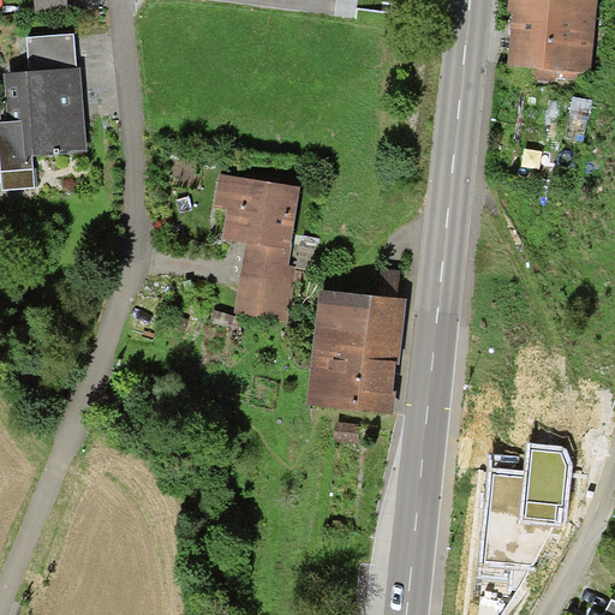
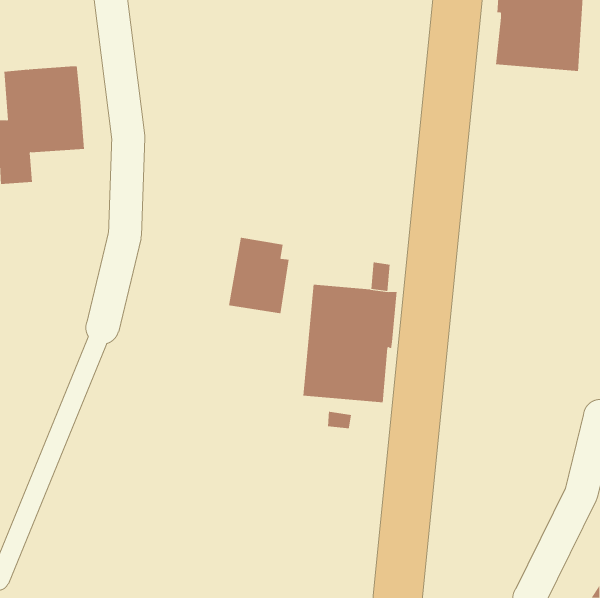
building: [25,34,76,71] -> none
building: [213,174,299,250] -> none
building: [484,447,566,563] -> none

